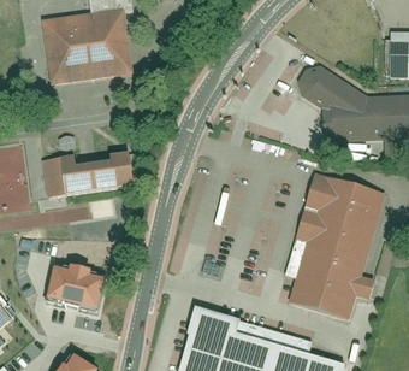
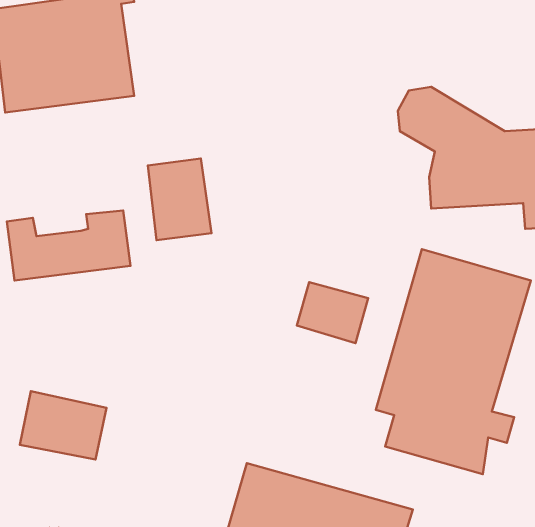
building: none -> [148,159,211,240]
building: none -> [297,282,368,343]

